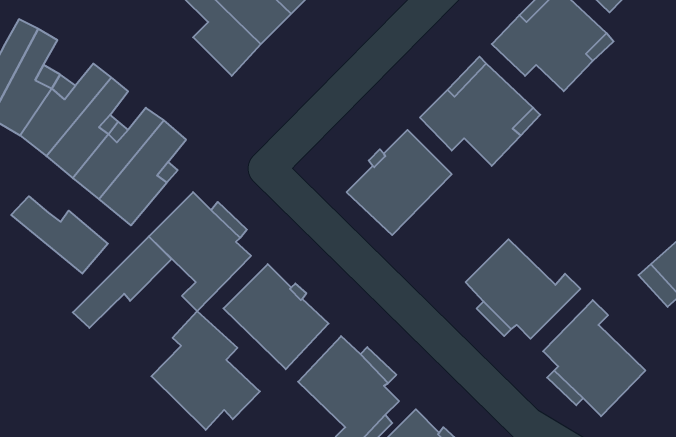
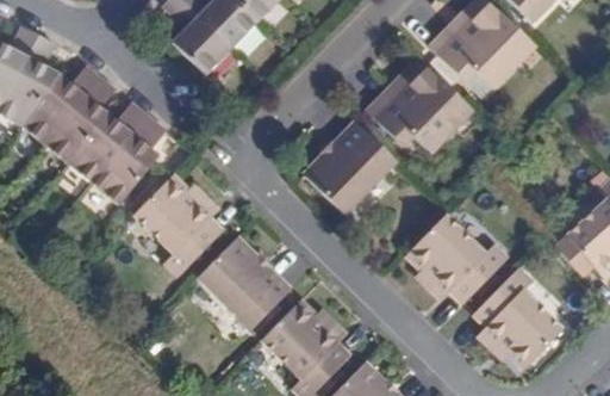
building: [11,196,108,274] -> none
building: [73,236,171,328] -> none
building: [151,311,260,430] -> none

